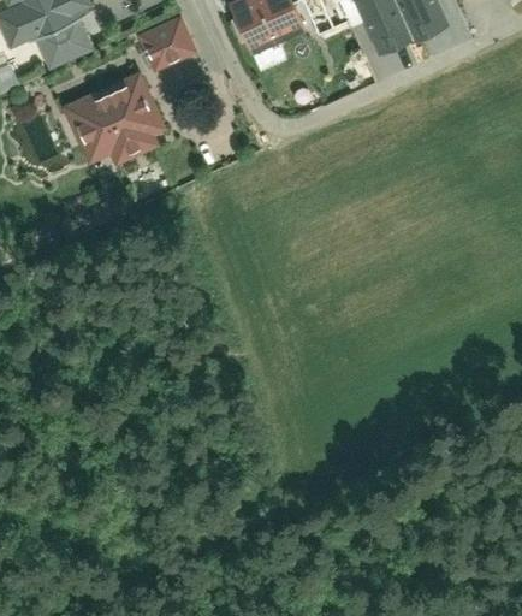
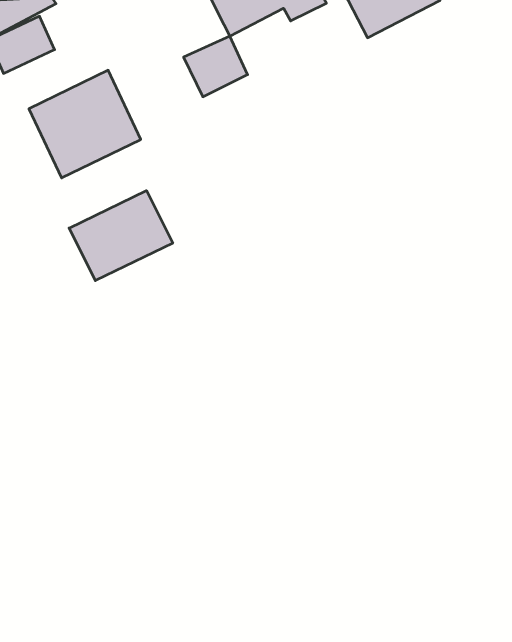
building: [137,16,195,70] -> [184,36,248,97]
building: none -> [69,191,173,281]

